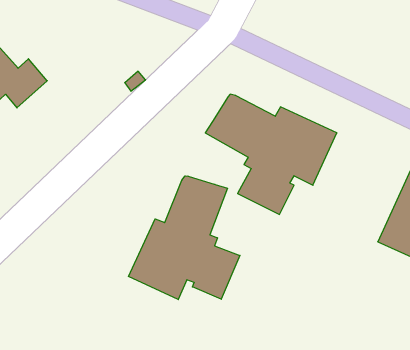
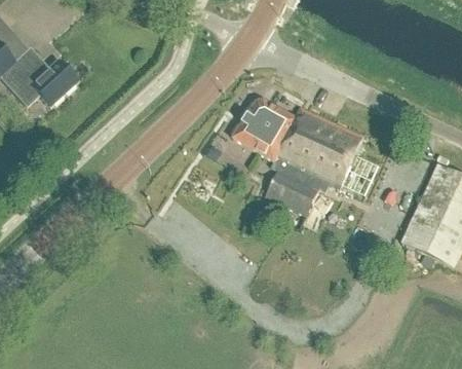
building: [129,176,240,300] -> none

